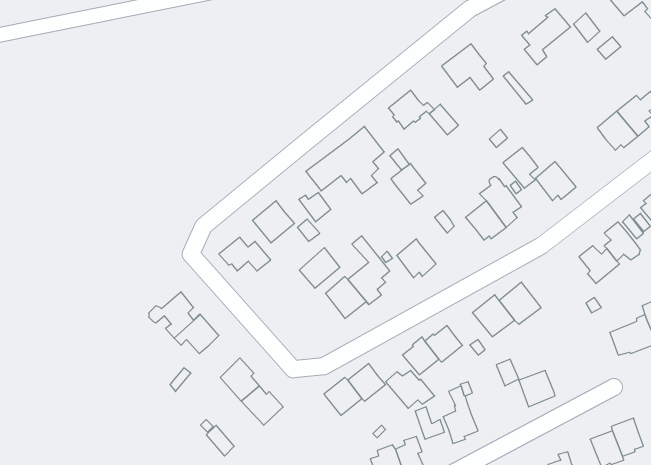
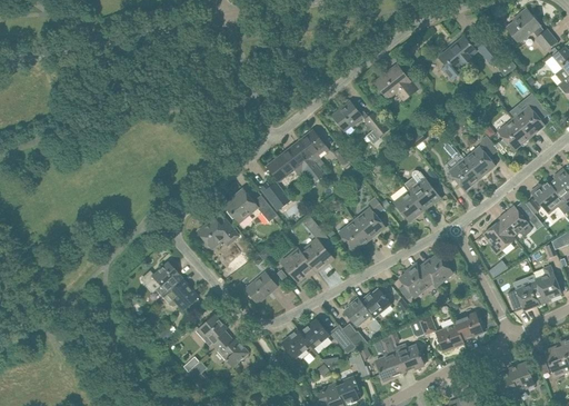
building: [503,148,538,188] -> [465,145,492,177]
building: [391,163,426,204] -> [355,206,382,238]
building: [299,248,340,288] -> [246,270,278,303]
building: none -> [456,310,483,339]
building: none -> [395,343,425,370]

